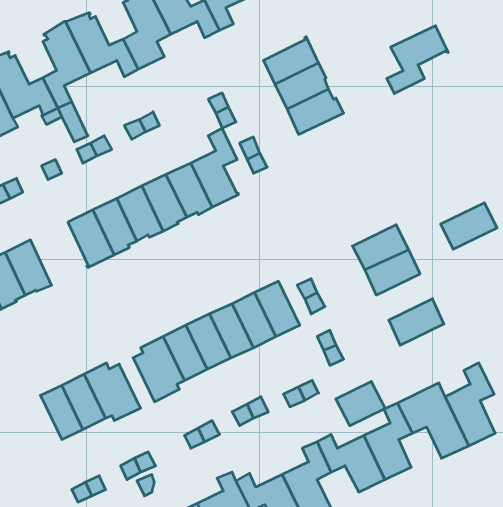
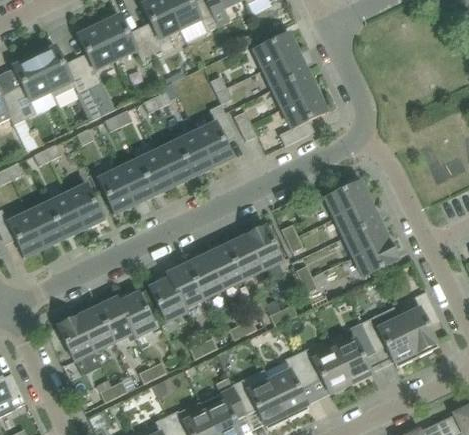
building: [387,26,448,94] -> [279,91,328,145]
building: [441,203,497,249] -> [344,219,389,256]
building: none -> [68,183,106,228]
building: [336,381,385,426] -> none
building: none -> [58,316,100,374]

